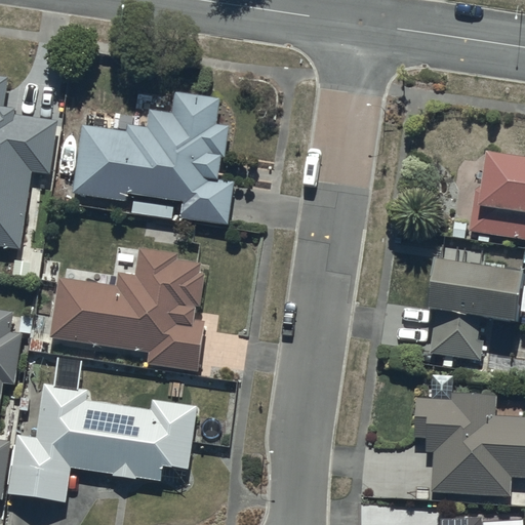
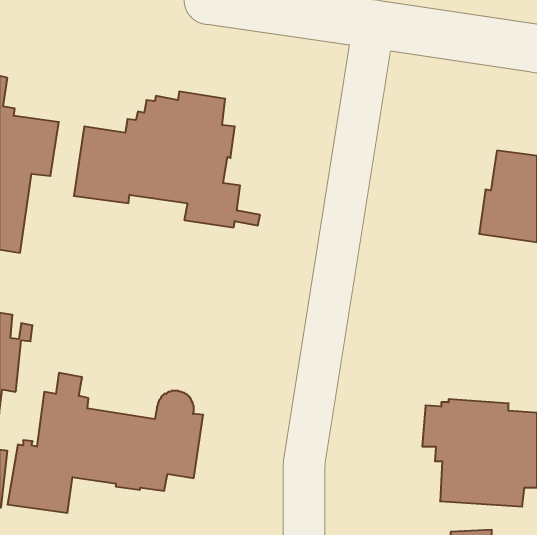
building: [49,247,216,371] -> none
building: [427,254,518,358] -> none

